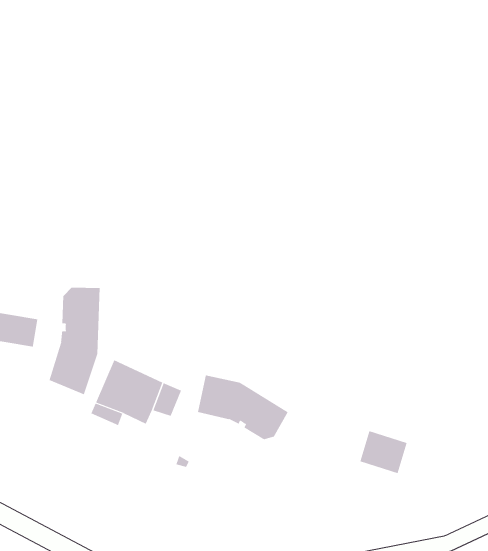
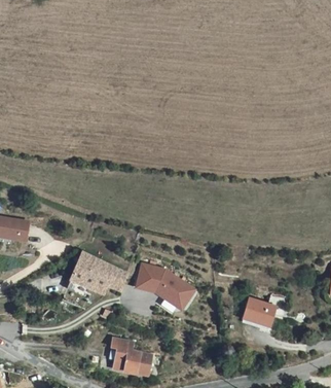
building: [49,287,100,395] -> none
building: none -> [111,337,151,373]

